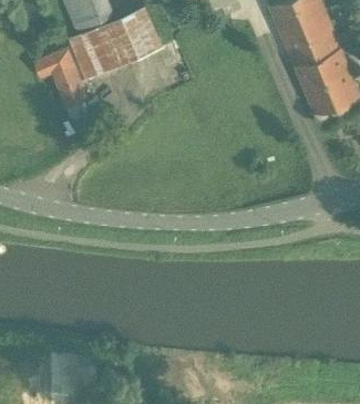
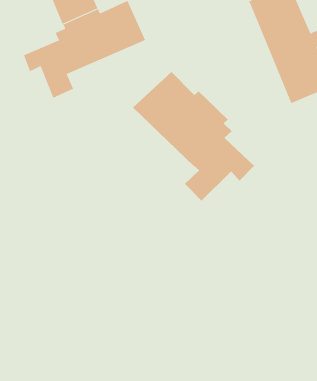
building: none -> [132,71,255,201]

